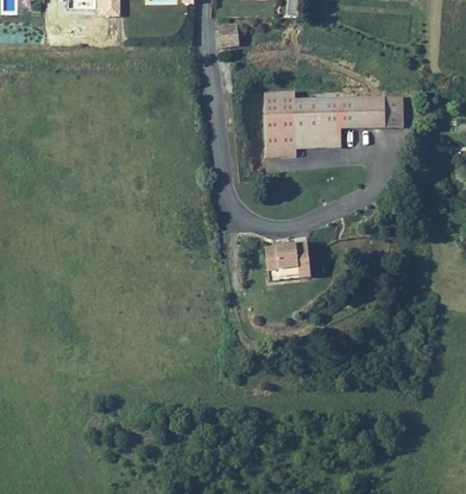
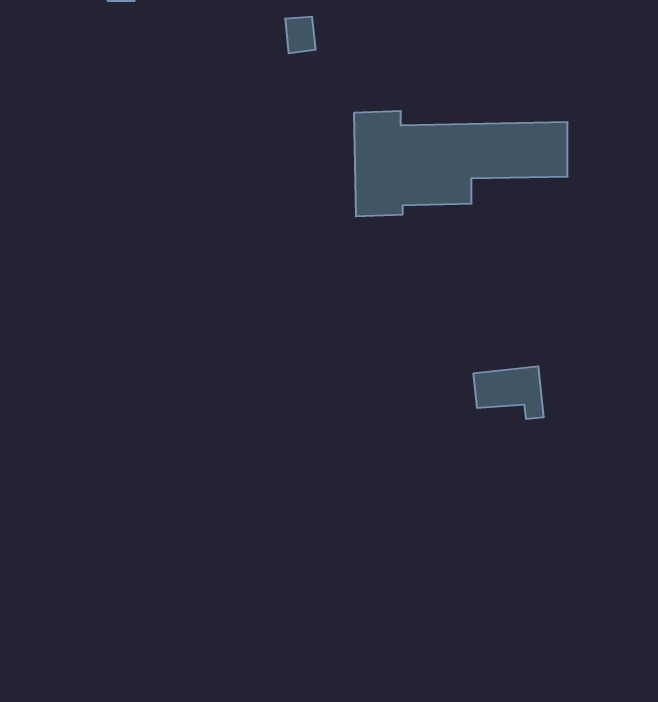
building: [265,240,311,274] -> [473,366,544,419]

